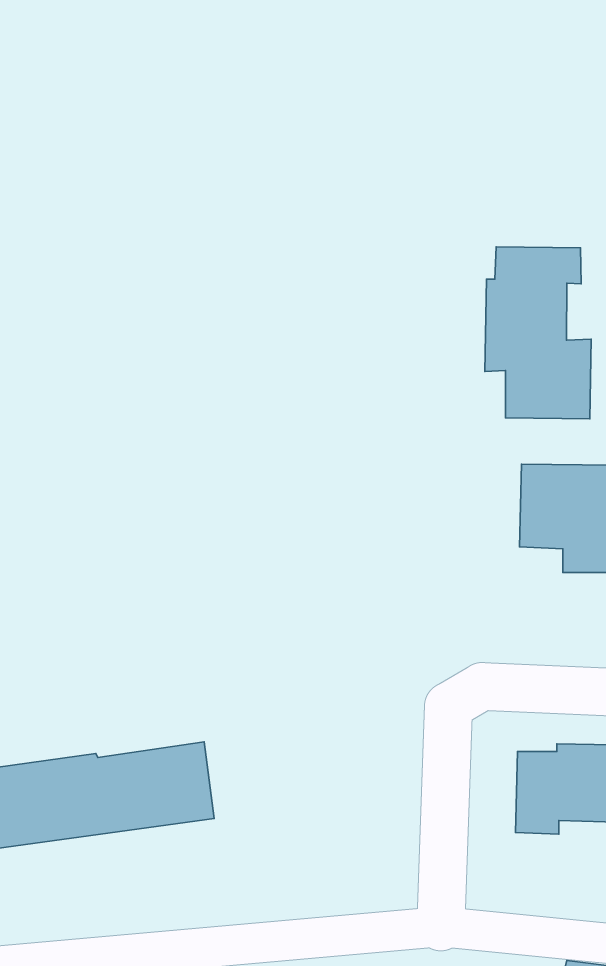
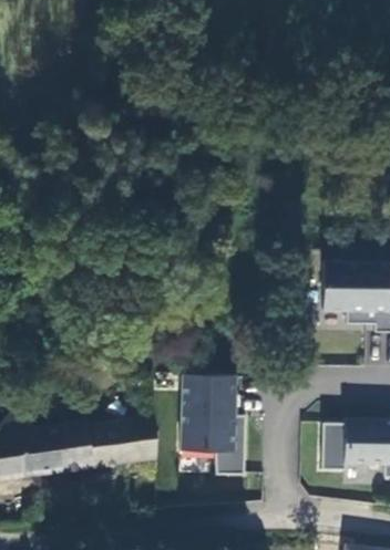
building: [485,247,591,419] -> none
building: none -> [181,372,246,475]

